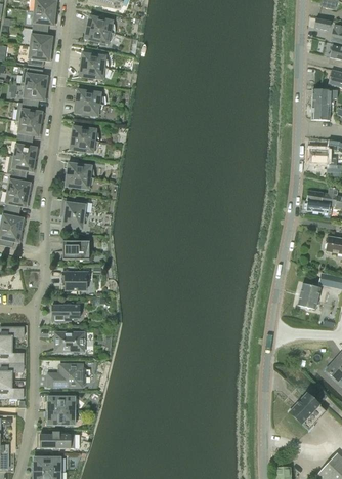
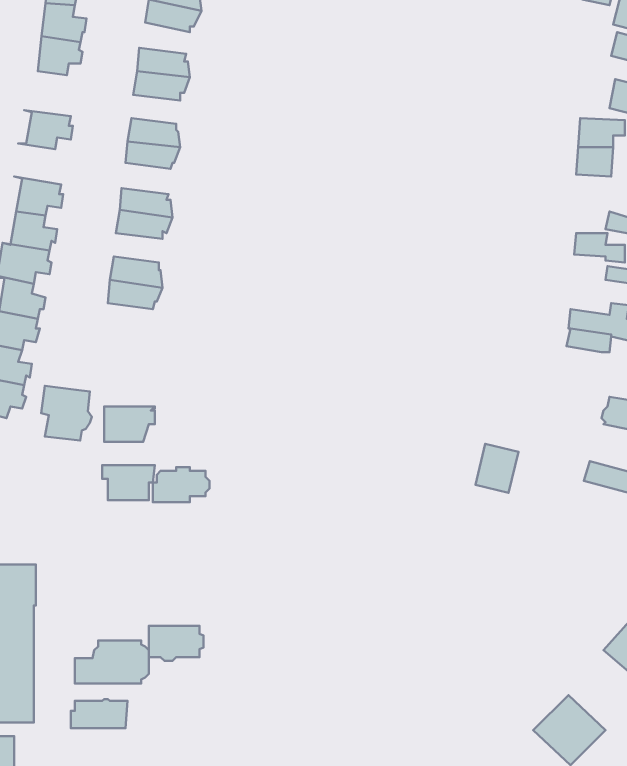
building: [22,67,49,88] -> none
building: [16,103,44,124] -> none
building: [61,199,88,228] -> [41,386,92,440]
building: [298,283,320,309] -> [475,444,518,493]
building: [52,303,82,321] -> [153,467,209,502]
building: [56,333,85,352] -> [149,626,204,661]
building: [46,410,75,426] -> none

